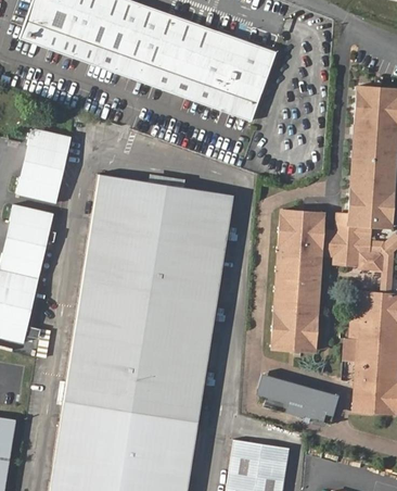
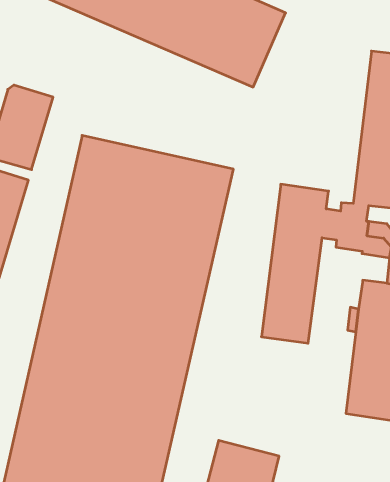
building: [264,375,334,419] -> none

